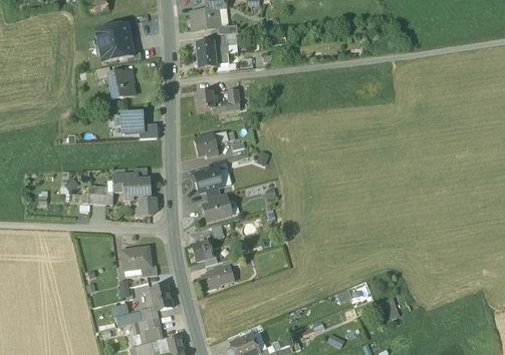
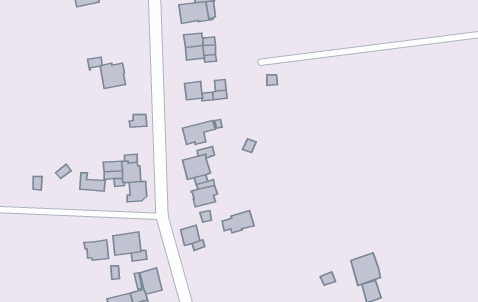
building: [95,25,134,61] -> none
building: [121,111,143,131] -> none
building: none -> [84,240,109,260]
building: [201,264,234,287] -> [222,210,254,233]
building: none -> [351,253,381,285]

